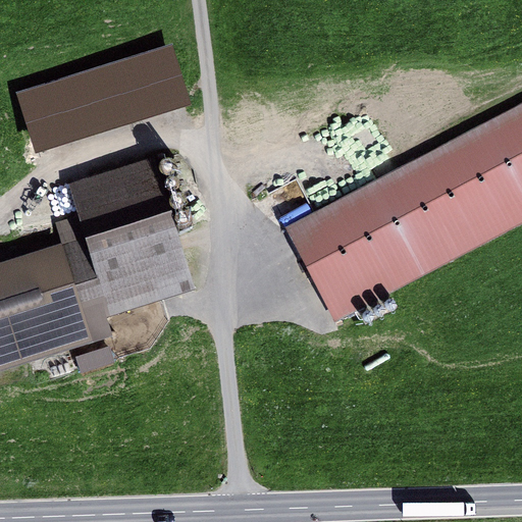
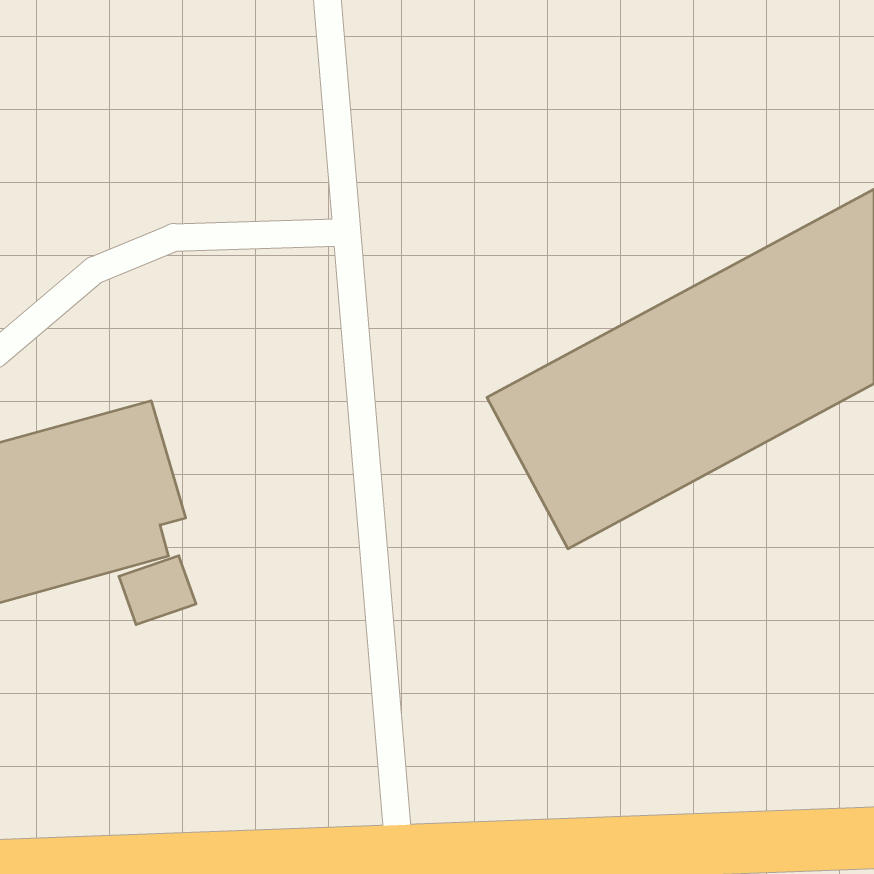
building: [15,42,188,147] -> none
building: [74,161,193,307] -> none

